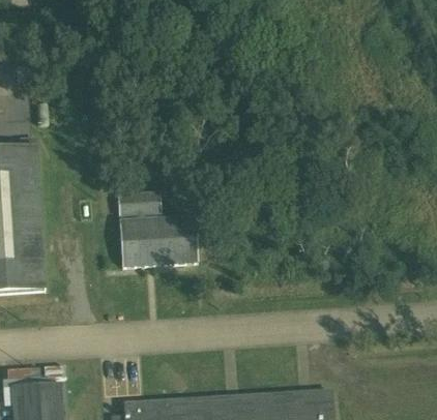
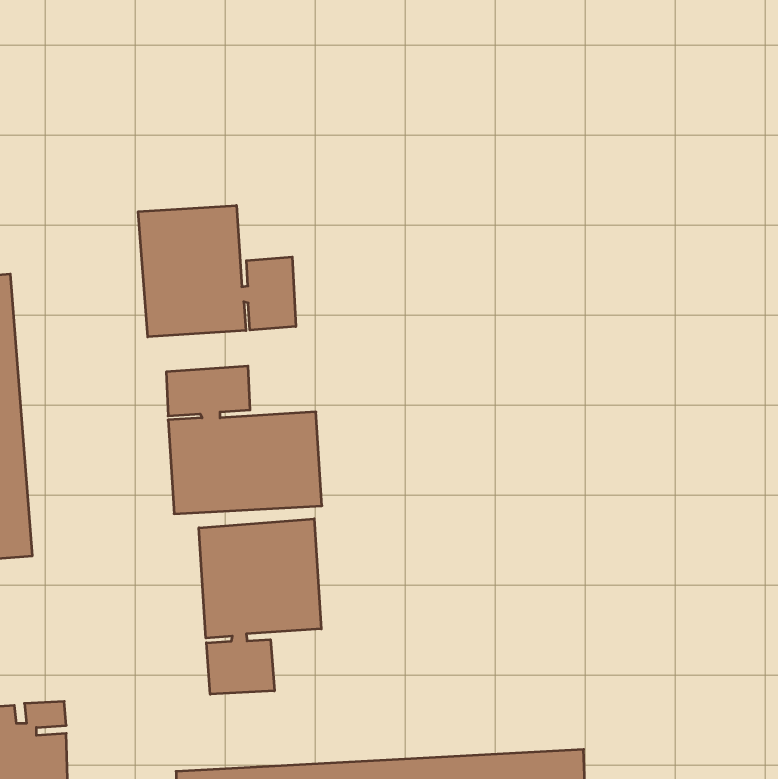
building: none -> [138,205,296,337]
building: none -> [199,519,321,694]

